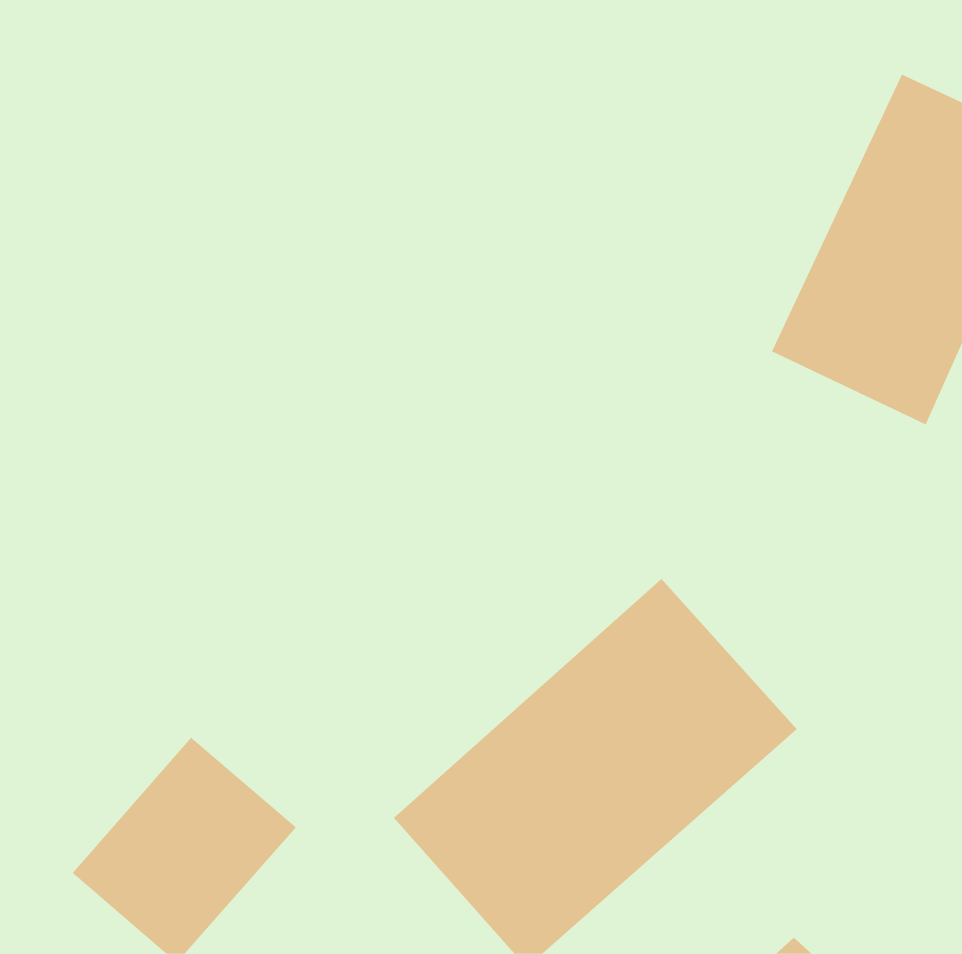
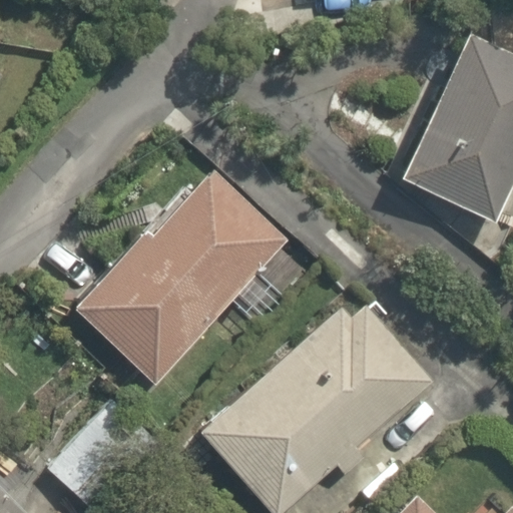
building: none -> [76,168,279,380]

